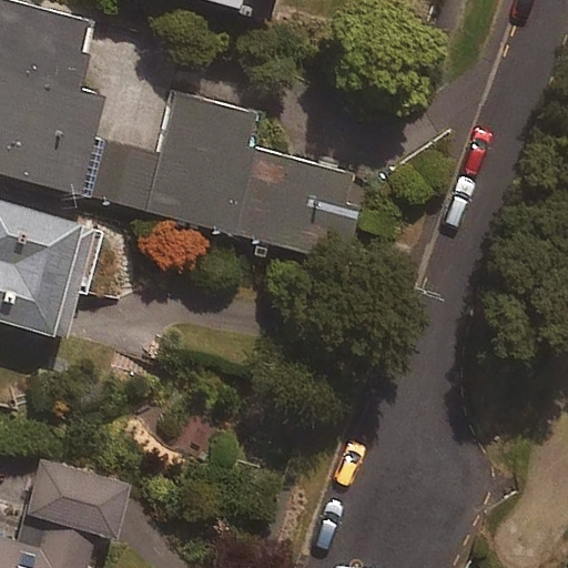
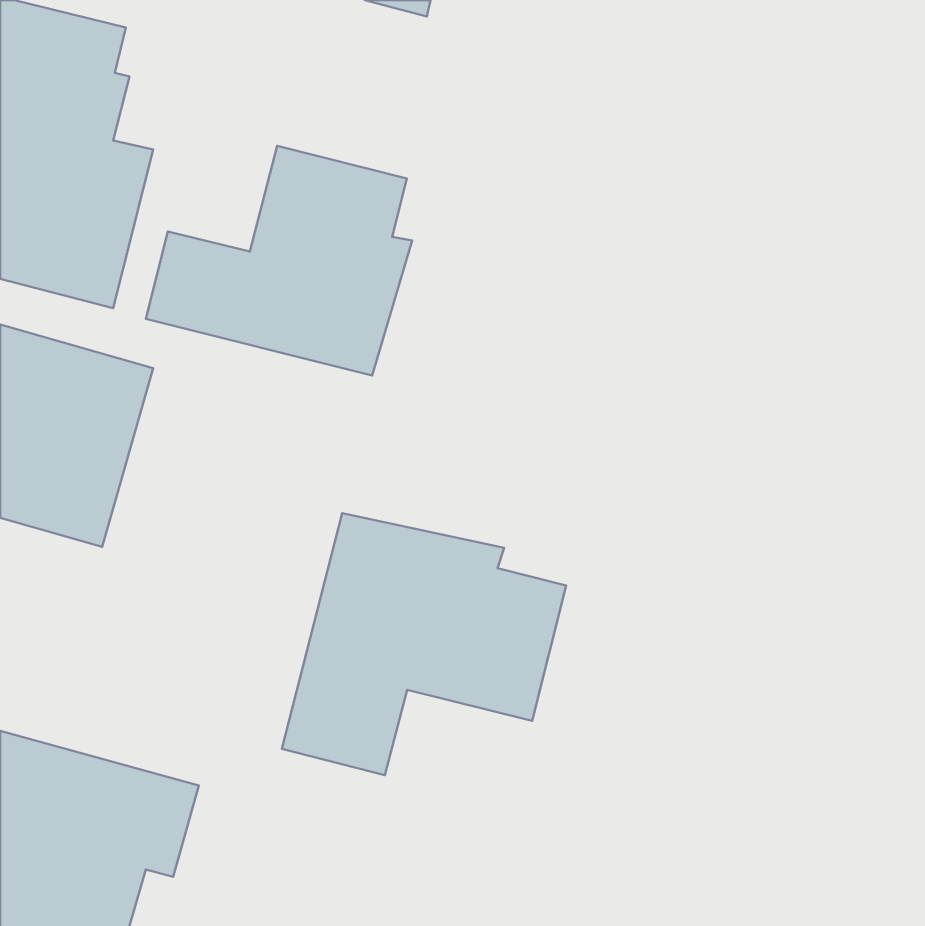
building: [233,150,355,260] -> none
building: none -> [282,513,566,775]

